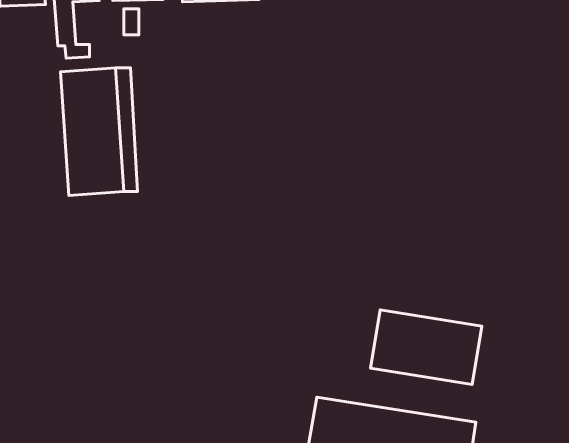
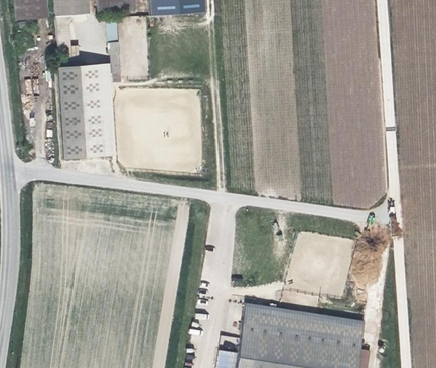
building: [371,310,482,385] -> none

